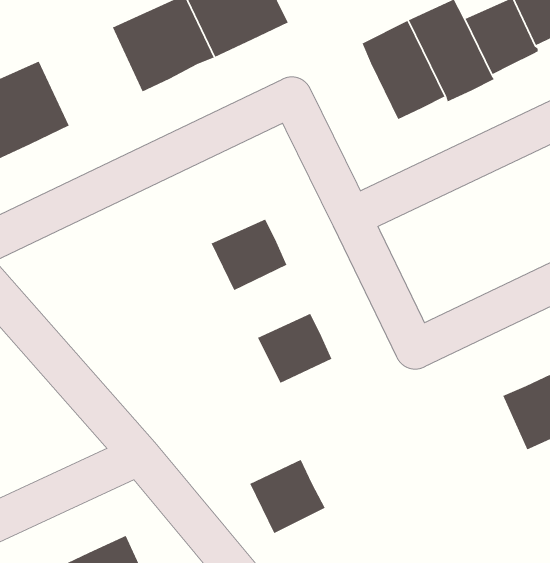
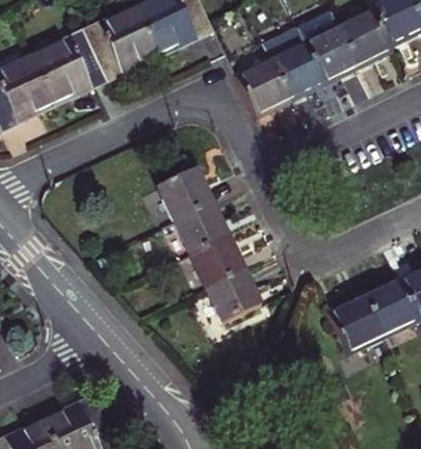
building: none -> [33,30,107,101]
building: none -> [236,56,290,113]
building: none -> [173,201,228,253]
building: none -> [327,294,383,351]
building: [249,459,326,534] -> [206,268,261,322]

